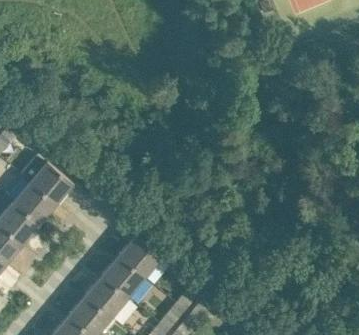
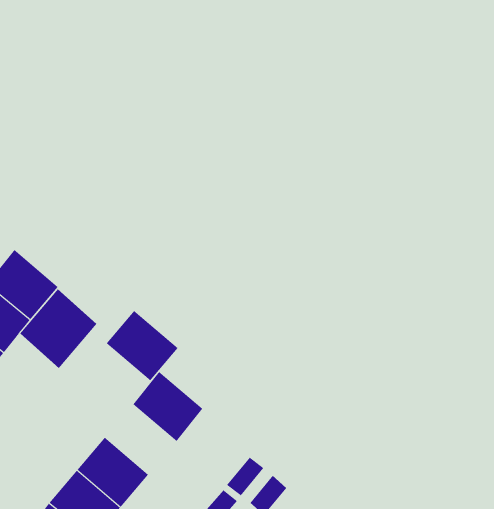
building: none -> [20,289,97,369]
building: [99,258,143,301] -> [106,310,178,381]

